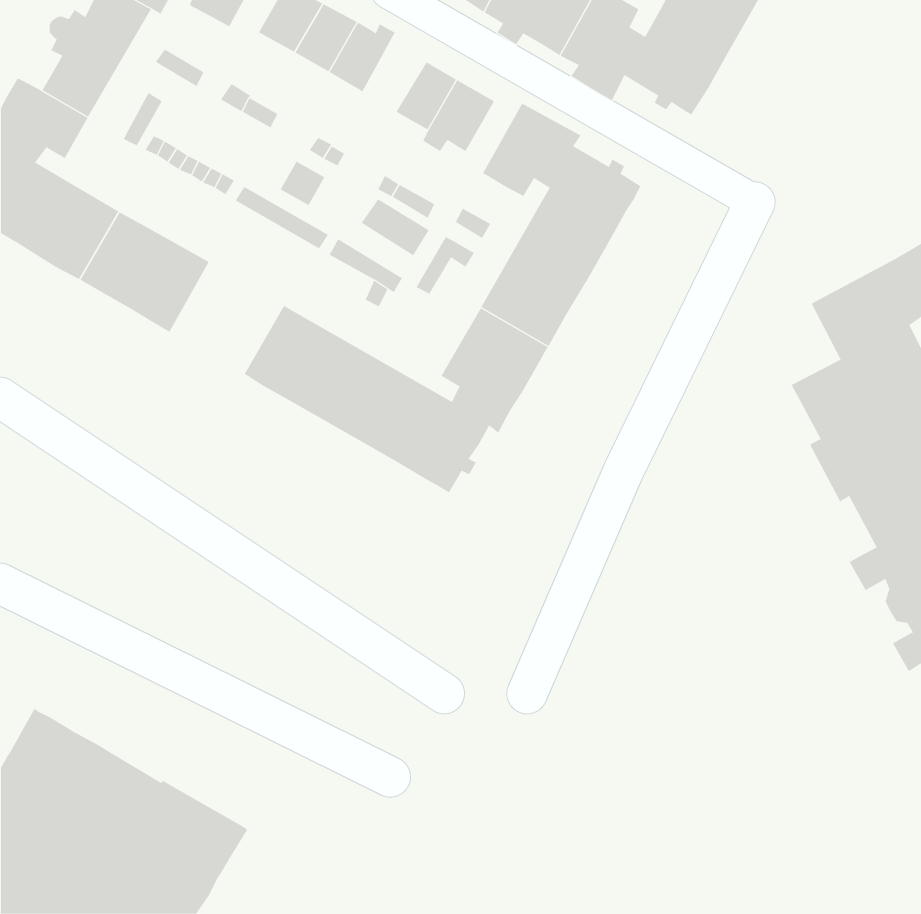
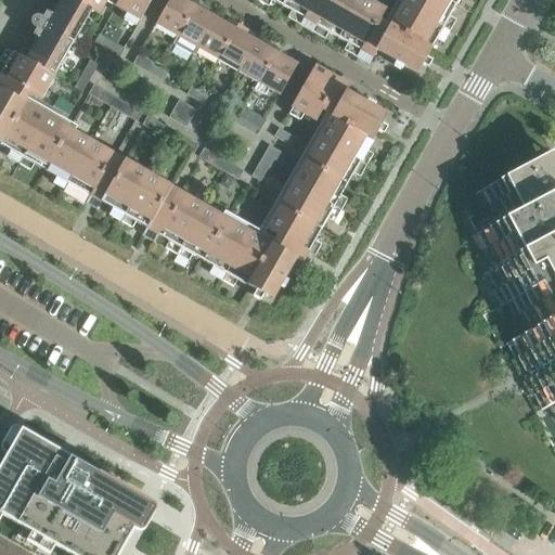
building: none -> [219,20,257,67]
building: [361,198,430,256] -> none
building: none -> [103,157,171,224]

